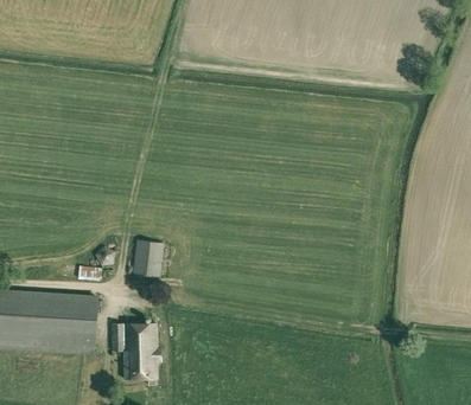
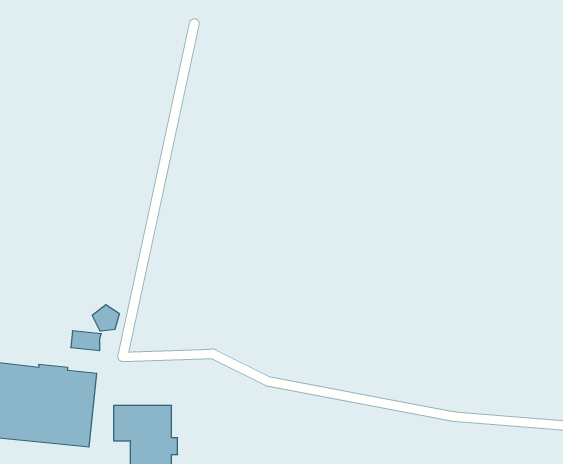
building: [133,239,164,277] -> none

